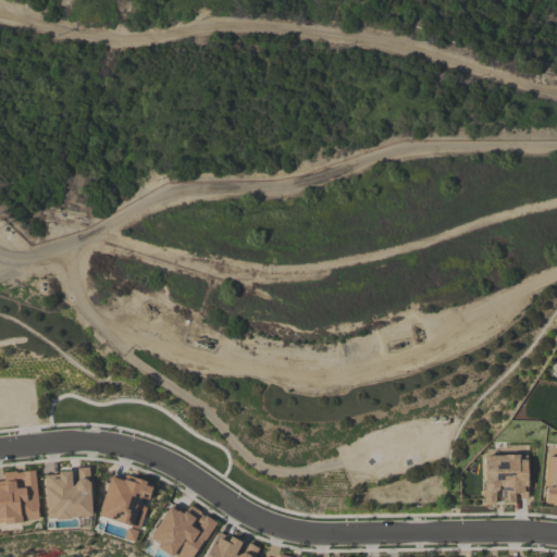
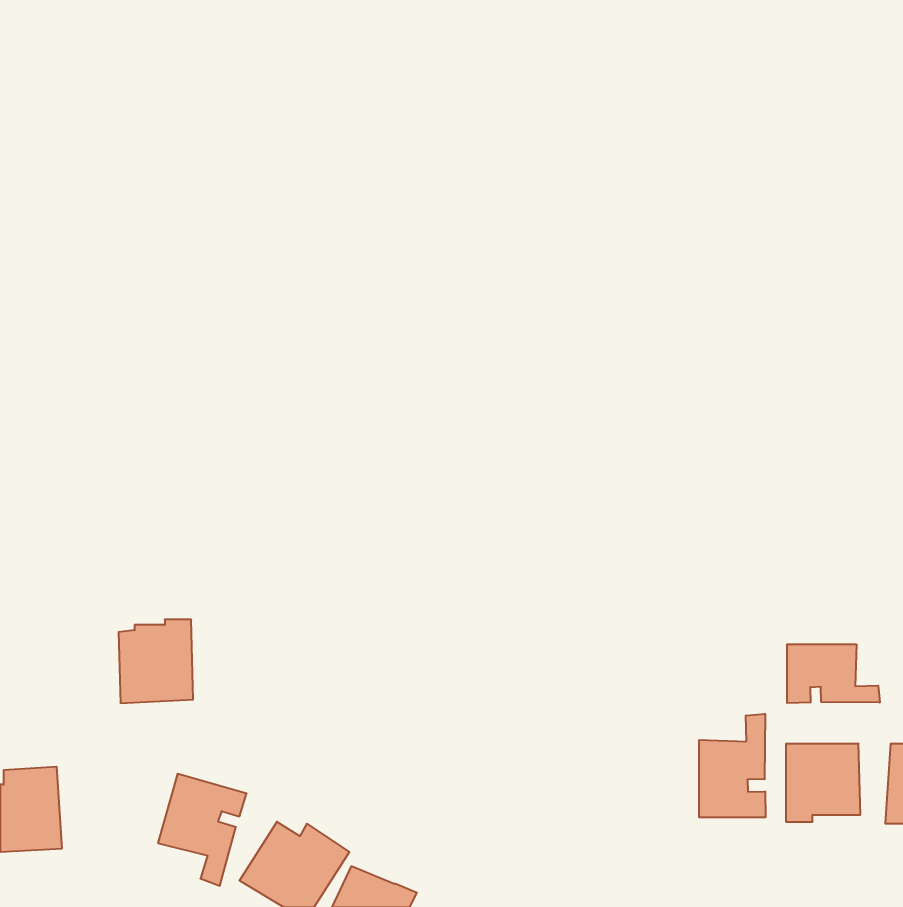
building: none -> [787,644,880,703]
building: none -> [699,714,766,817]
building: [47,468,92,519] -> [119,620,193,703]

